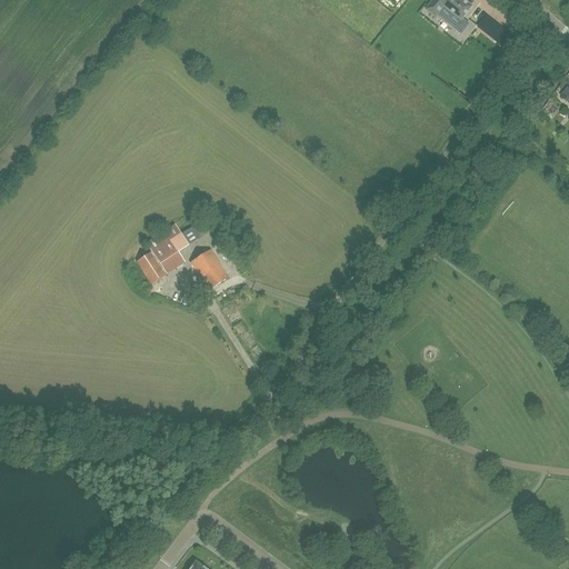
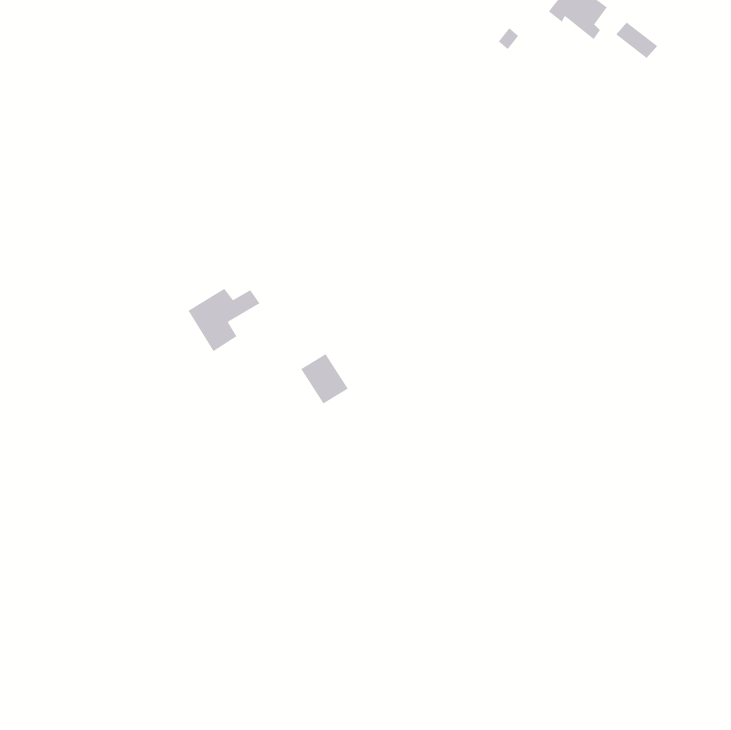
building: [190,249,228,289] -> [300,353,349,405]
building: [136,250,166,282] -> none

